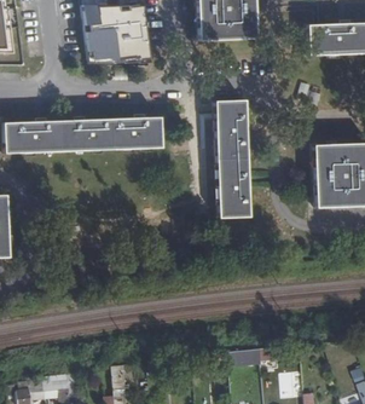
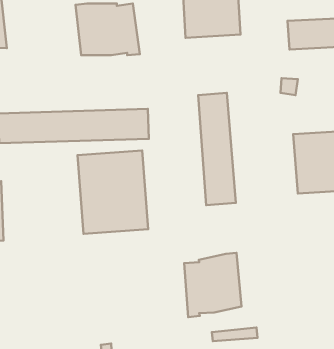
building: none -> [78,151,148,234]
building: none -> [184,253,241,317]

